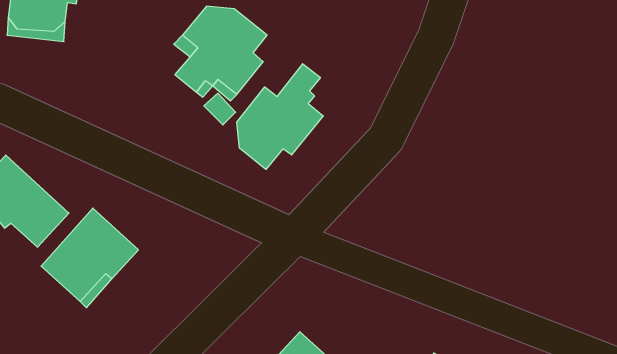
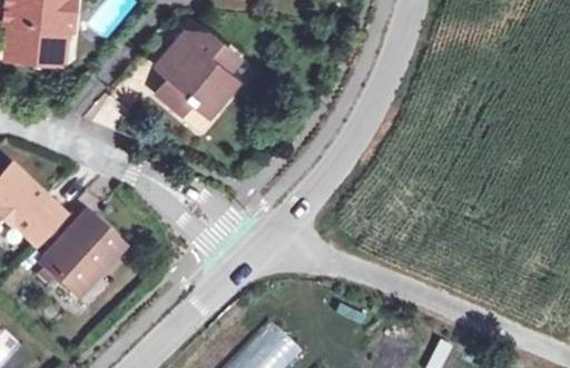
building: [237,64,323,169] -> none

